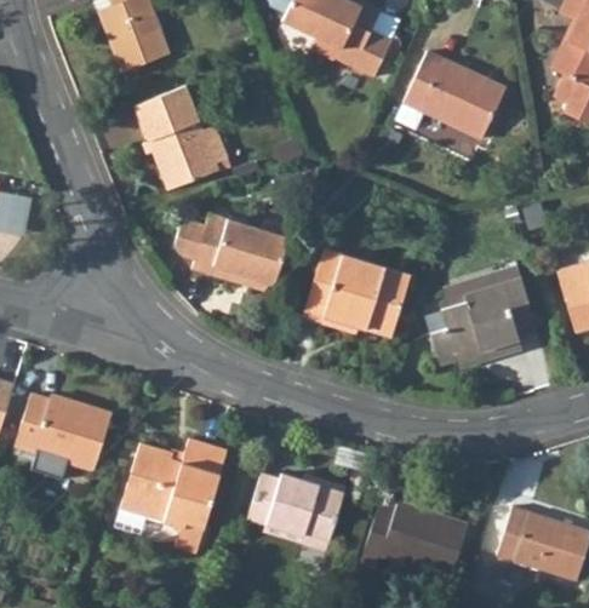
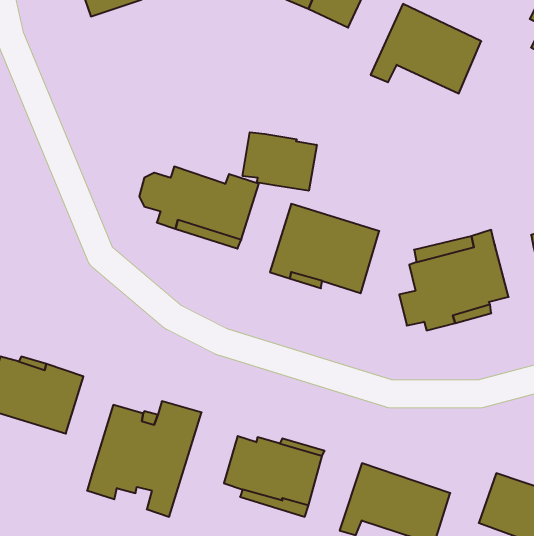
building: [133,79,216,184] -> none
building: none -> [243,132,317,191]

